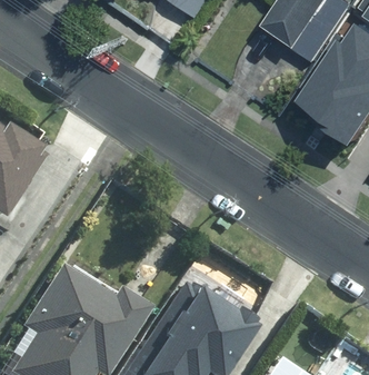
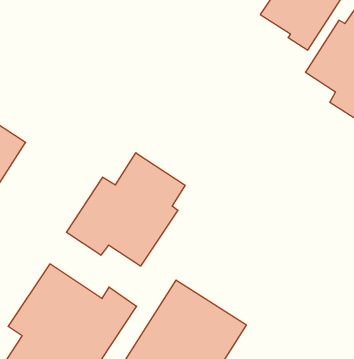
building: none -> [67,153,185,266]

